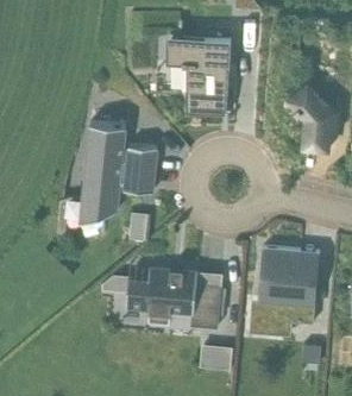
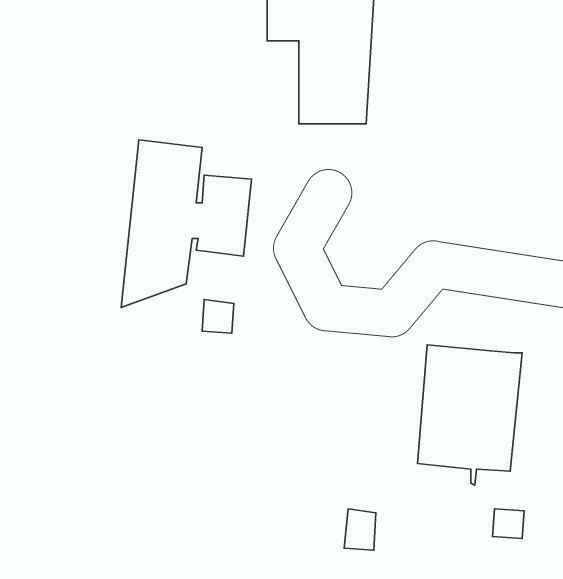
building: [290,94,339,159] -> none
building: [127,264,221,325] -> none

